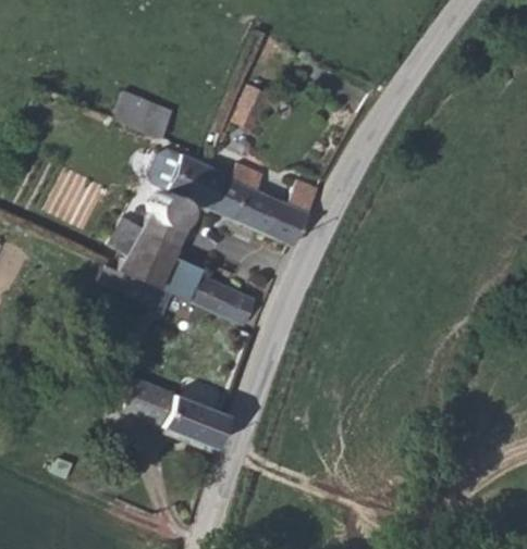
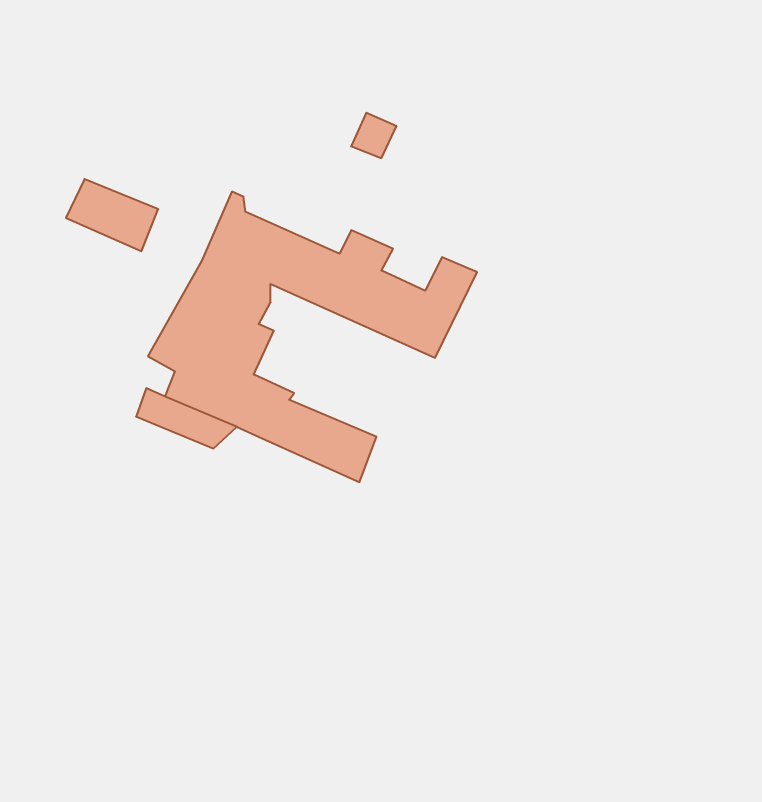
building: [113,91,173,138] -> [66,179,158,251]
building: [122,376,230,449] -> none

